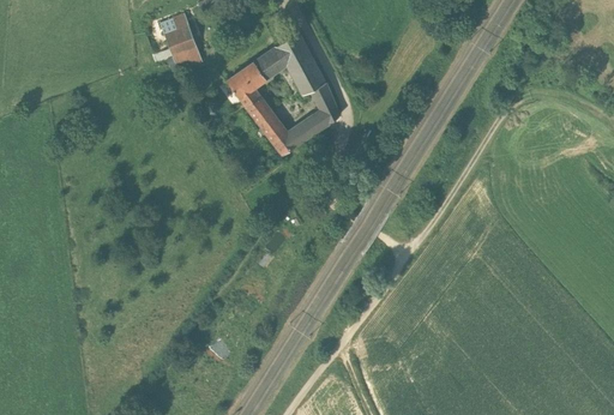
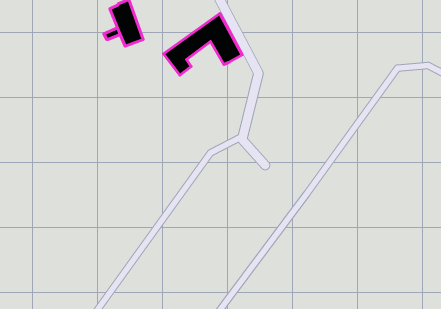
building: [247,83,338,156] -> none

